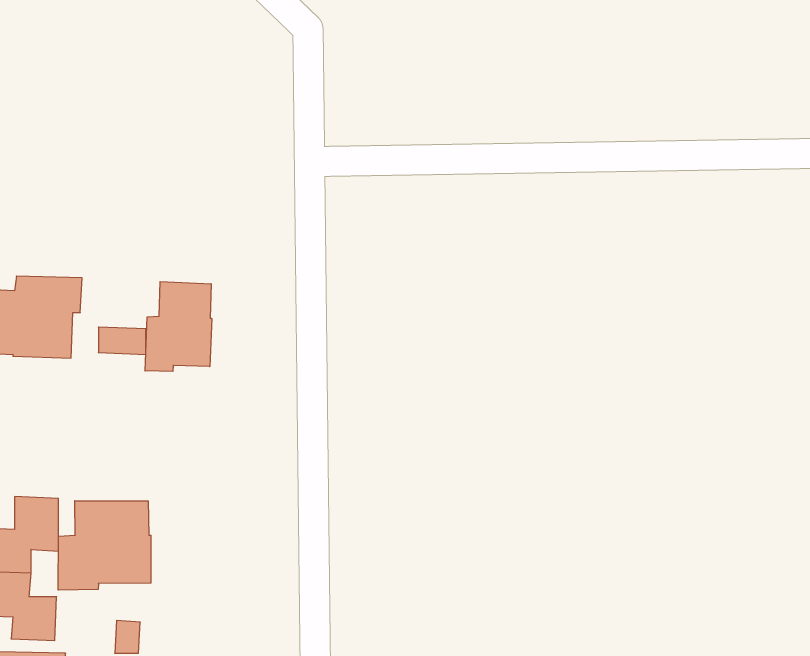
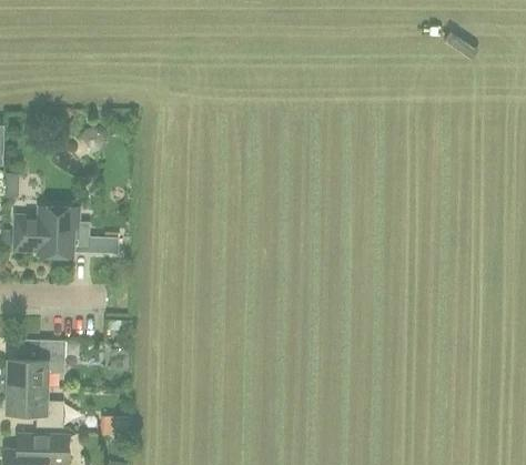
building: [145,282,212,371] -> none
building: [58,501,151,590] -> none

